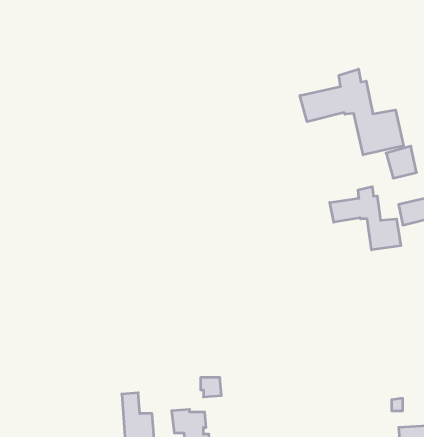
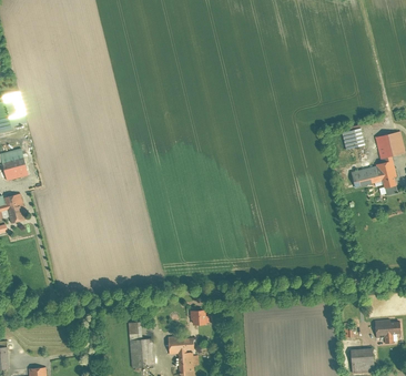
building: [300,69,404,155] -> none
building: [330,187,401,250] -> none

